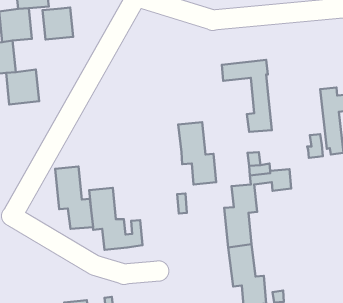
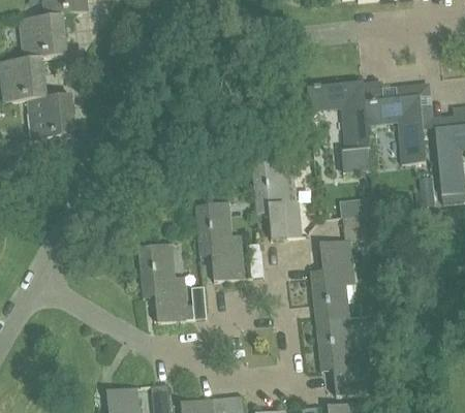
building: [43,7,73,39] -> none
building: none -> [365,85,427,163]
building: [55,166,93,229] -> [195,201,244,281]

